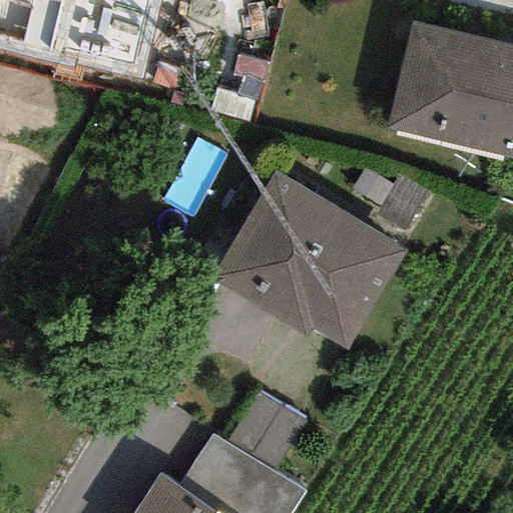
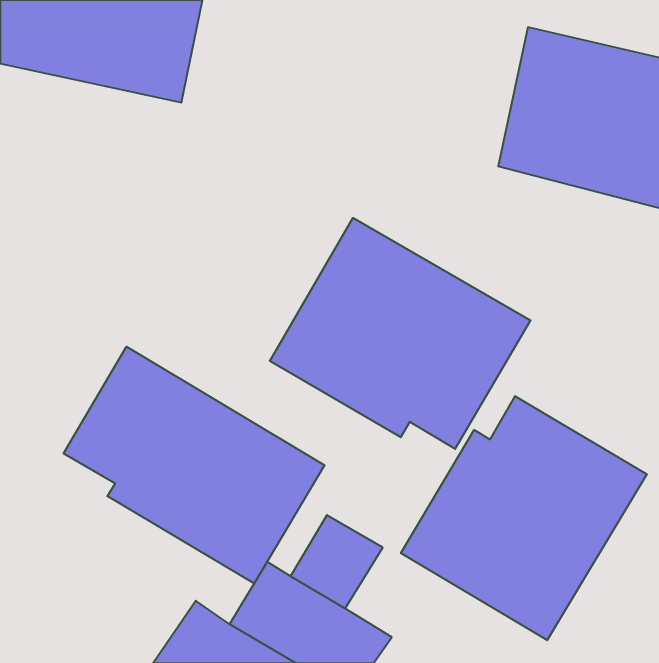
building: none -> [64,347,325,583]
building: none -> [401,396,647,640]

